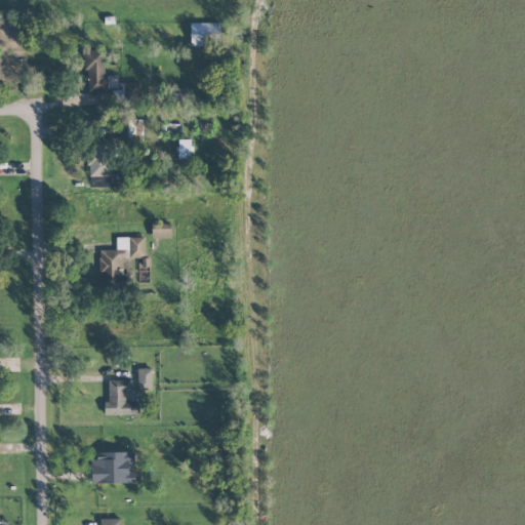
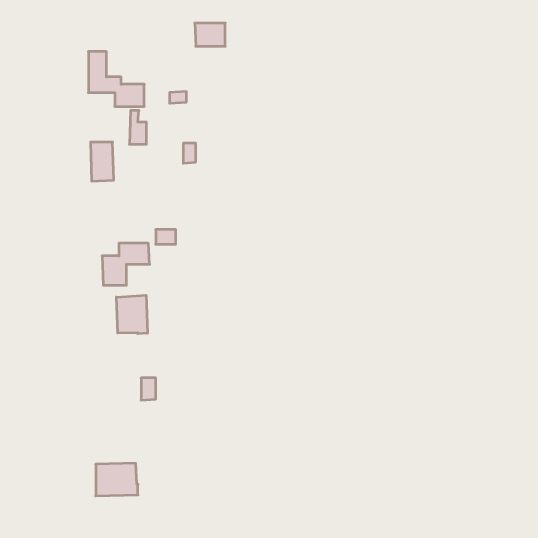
building: none -> [116,295,147,334]
building: [104,379,139,414] -> none

